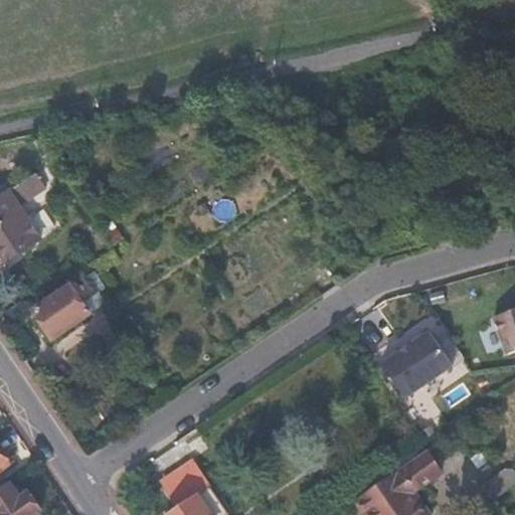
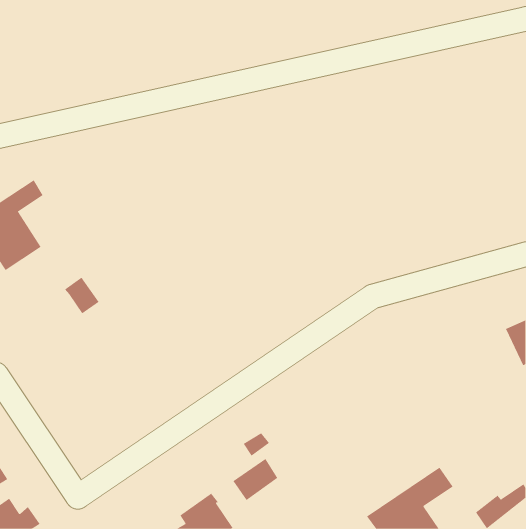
building: [33,286,85,337] -> none
building: [381,331,452,399] -> none
building: [161,459,205,500] -> [233,458,278,501]

